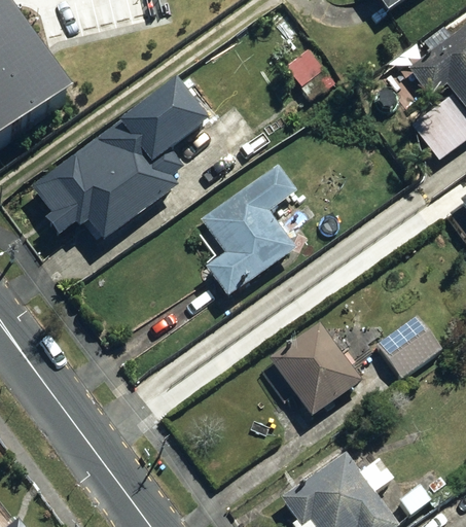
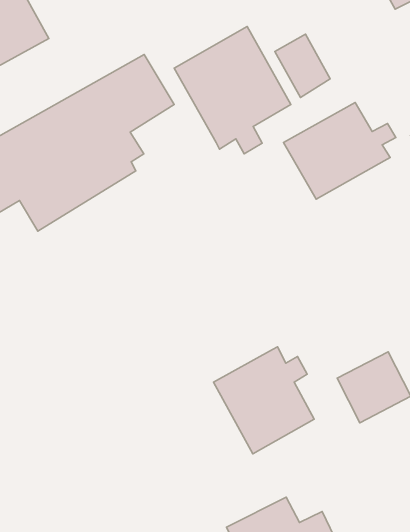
building: none -> [174,26,291,154]
building: none -> [284,102,396,199]
building: [195,164,297,300] -> none

